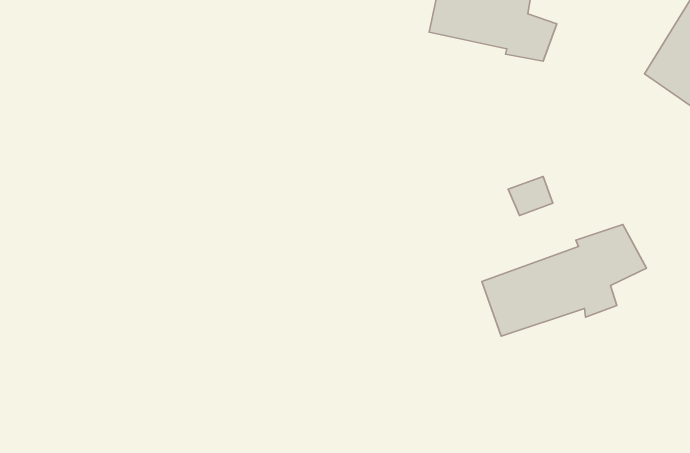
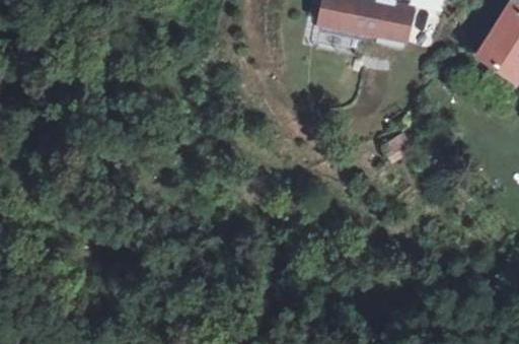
building: [482,225,646,336] -> none

